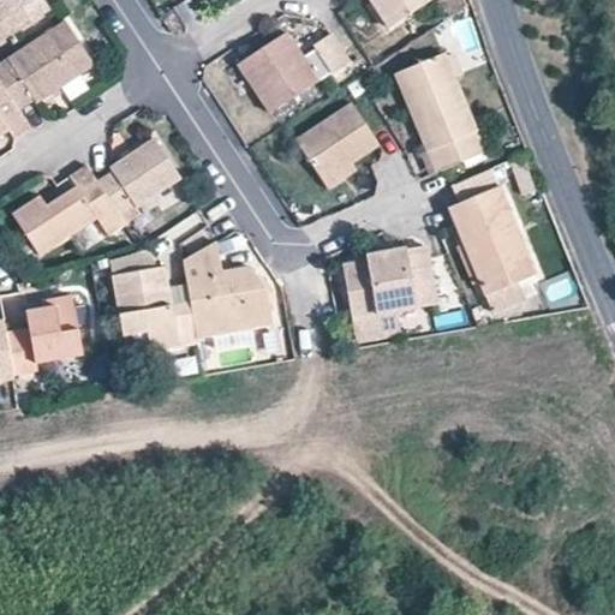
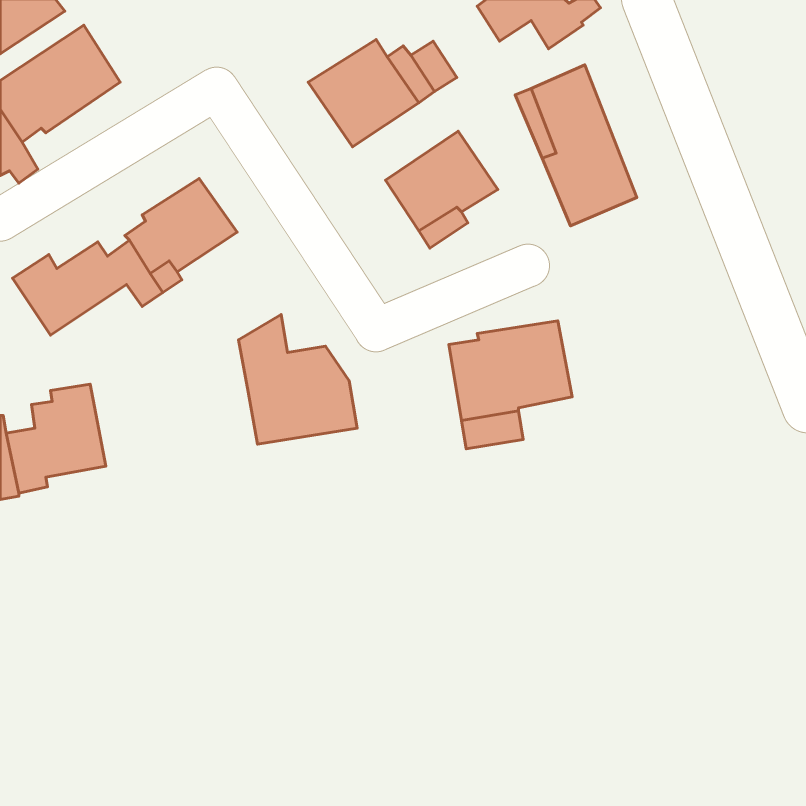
building: [447,184,535,311] -> none
building: [112,264,198,351] -> none

